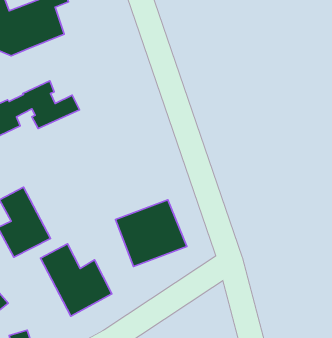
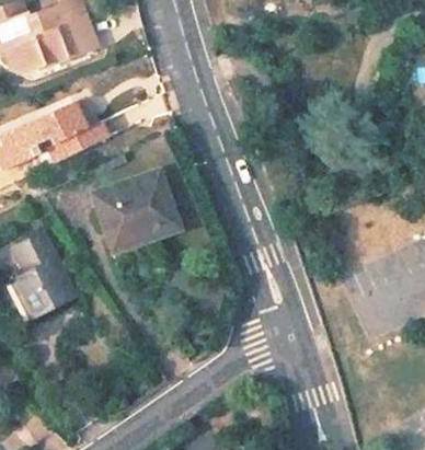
building: [116,200,187,266] -> [96,168,183,249]
building: [40,244,112,316] -> none

